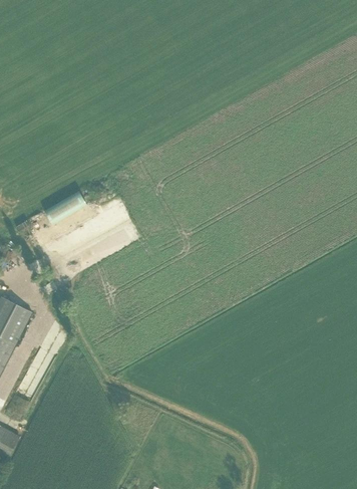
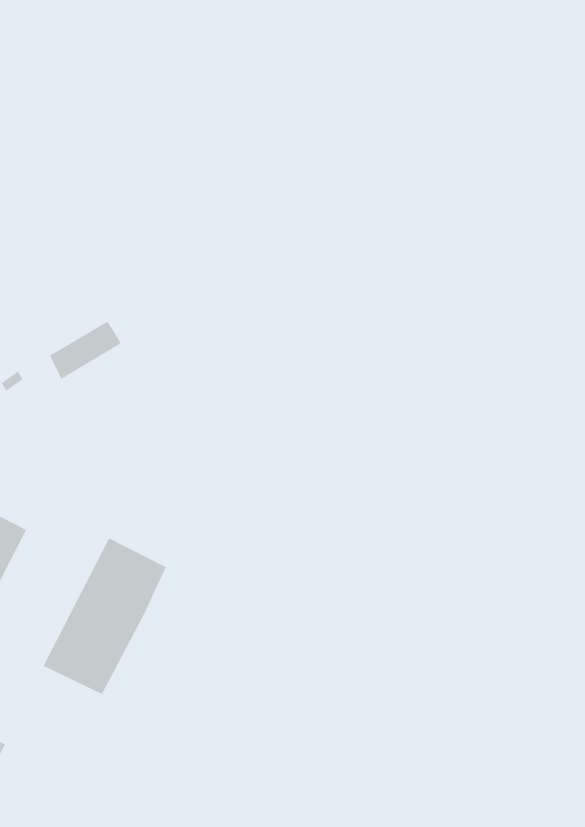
building: none -> [43,538,166,695]

